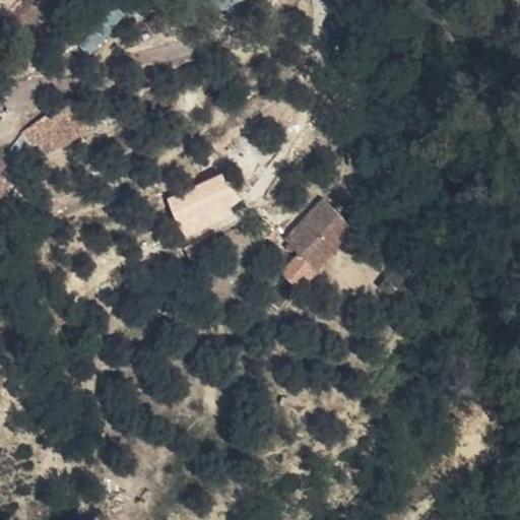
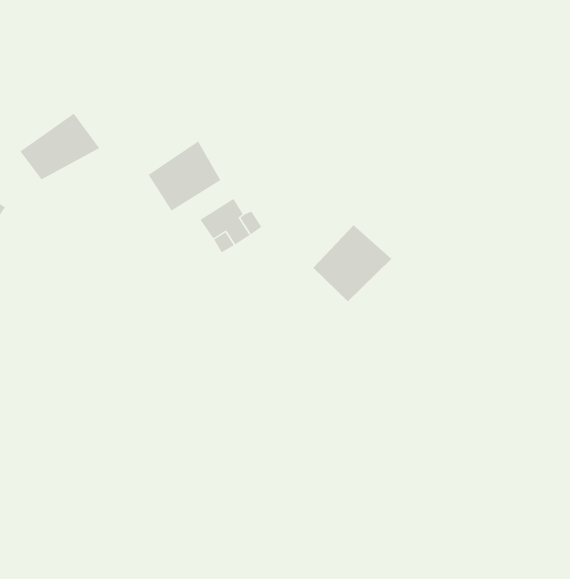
building: none -> [148,140,221,212]

